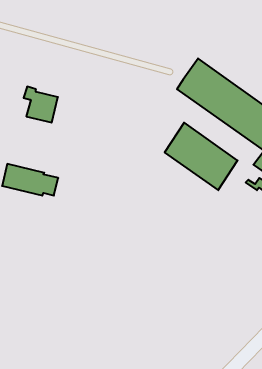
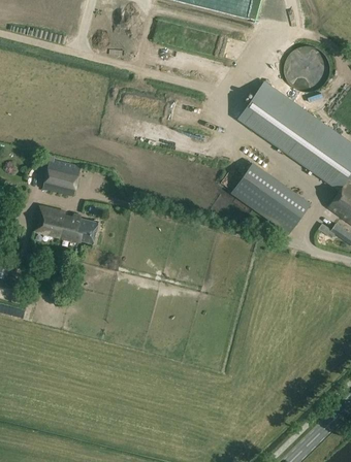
building: none -> [284,46,329,92]
building: [24,87,58,123] -> [40,154,81,196]

